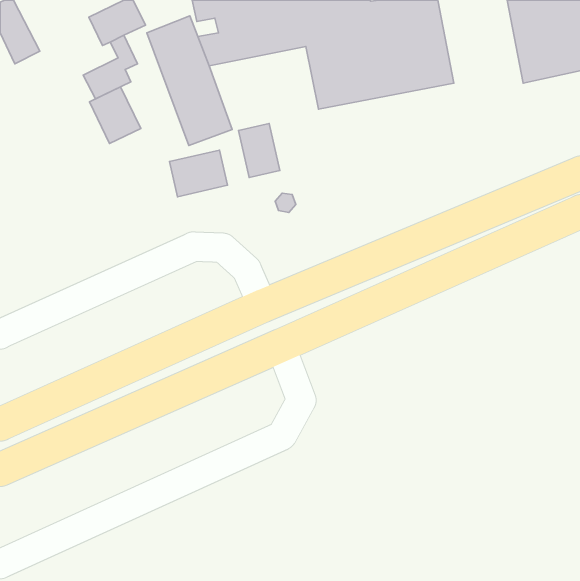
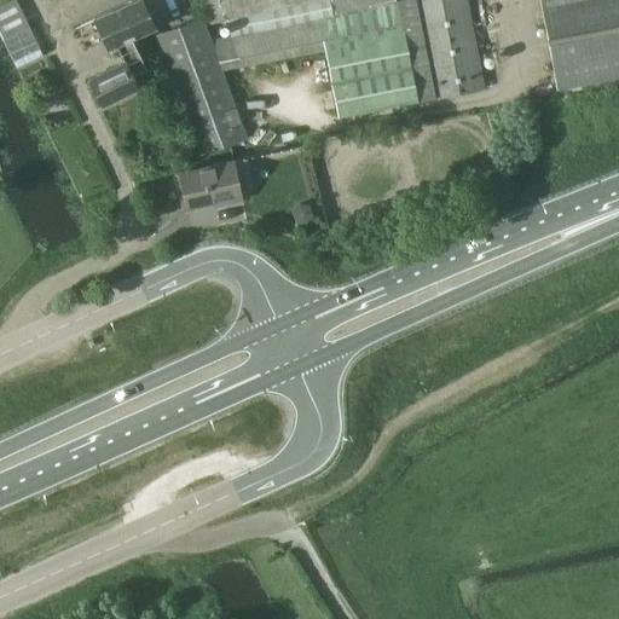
building: [89,87,141,144] -> none
building: [239,124,280,178] -> none

